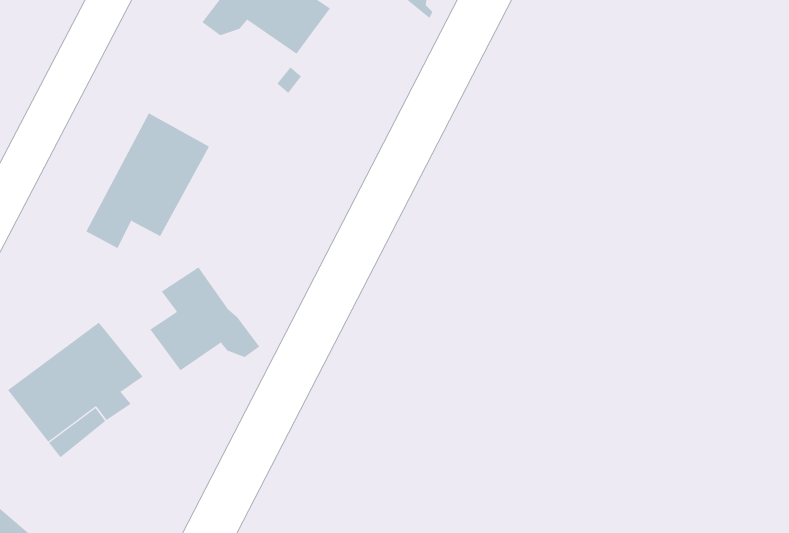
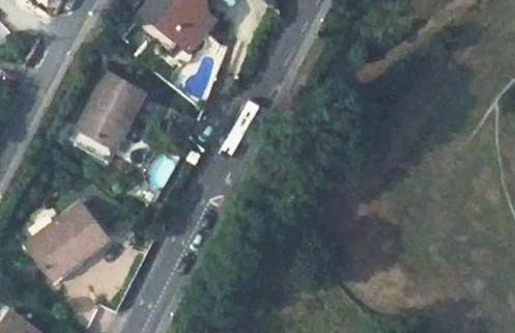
building: [150,266,260,371] -> none

